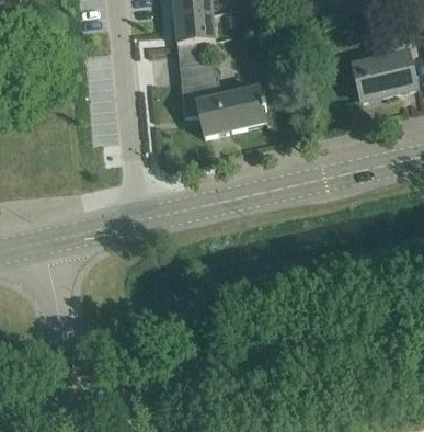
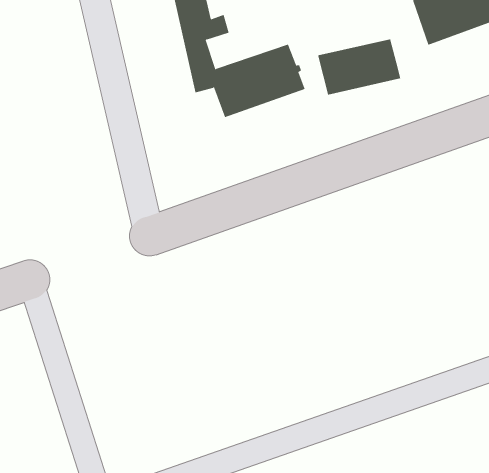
building: none -> [318,38,401,95]

